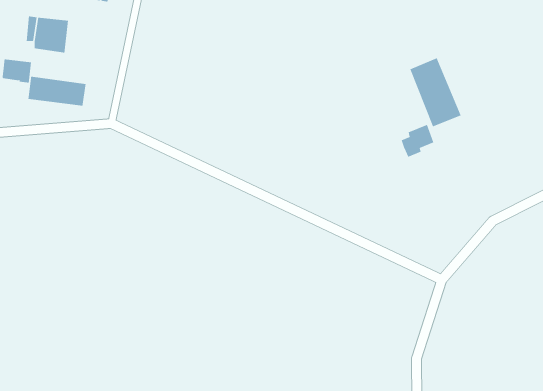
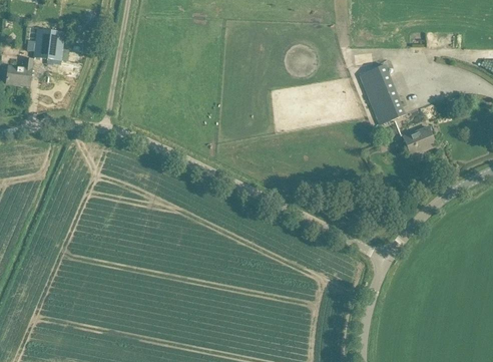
building: [28,76,86,106] -> none
building: [401,124,434,158] -> [405,126,434,155]

